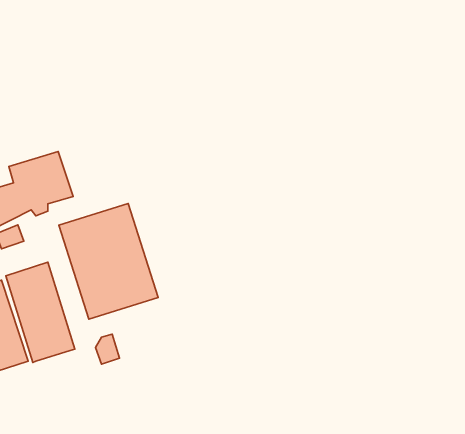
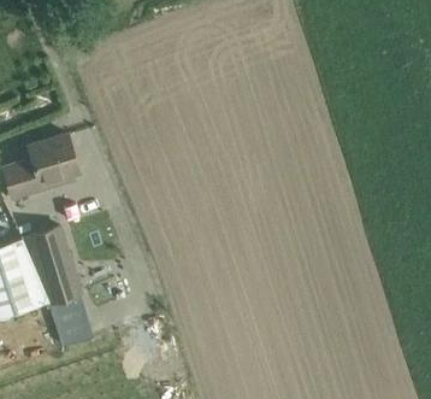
building: [59,204,158,319] -> none
building: none -> [49,295,90,347]

